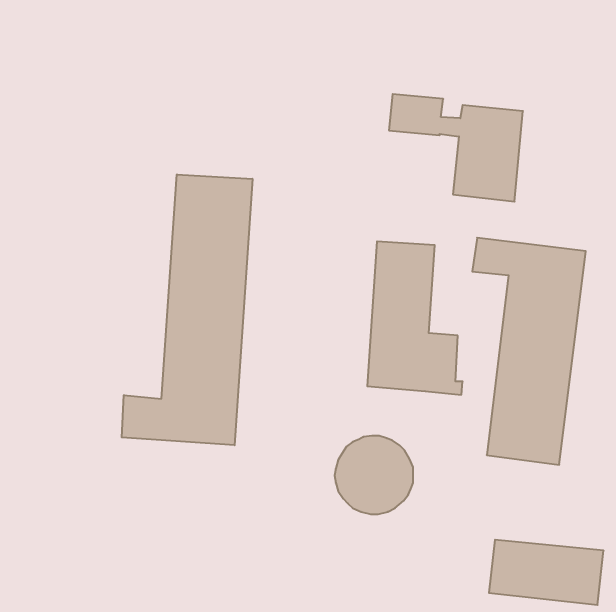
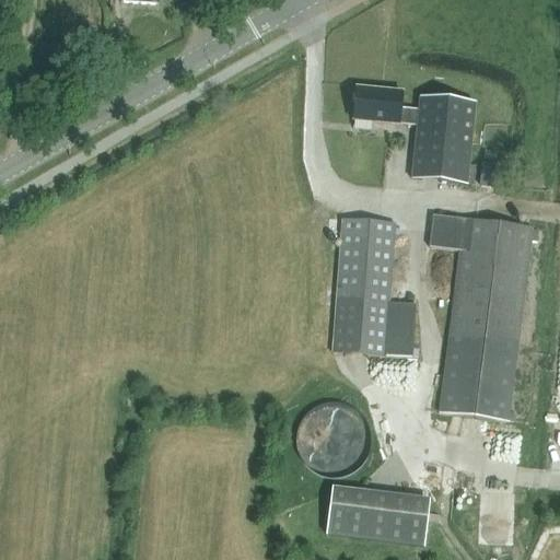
building: [122,174,252,445] -> none
building: [489,540,604,605] -> [328,483,432,542]

